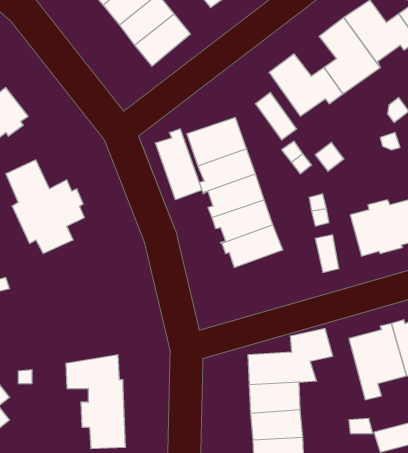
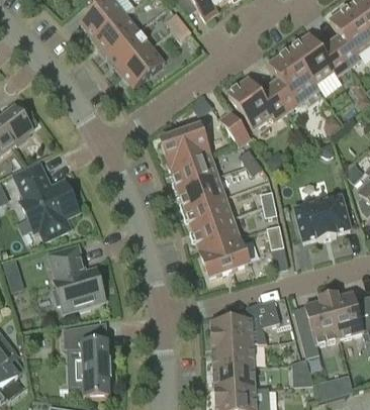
building: [155,129,202,200] -> none
building: none -> [200,236,248,276]
building: none -> [51,246,105,310]

